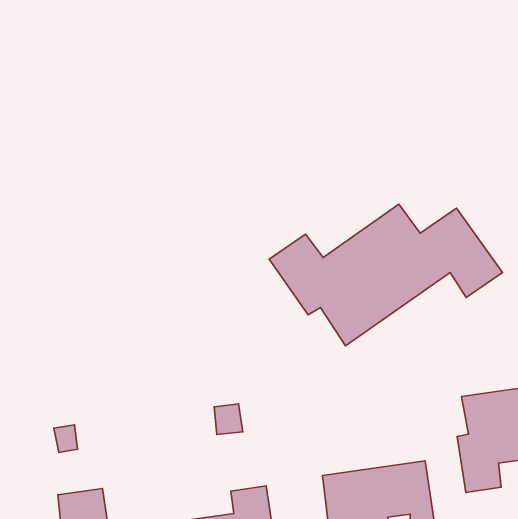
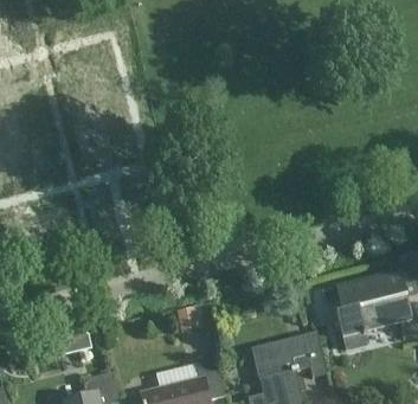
building: [269,204,503,346] -> none

